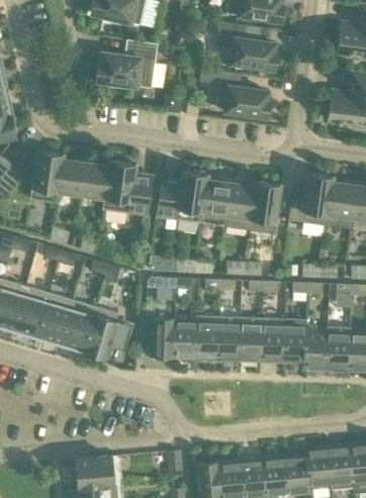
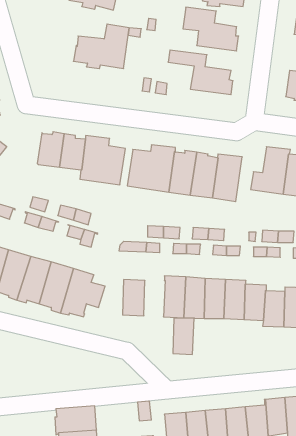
building: [31,152,64,203] -> none
building: [174,319,197,359] -> [173,318,194,354]

